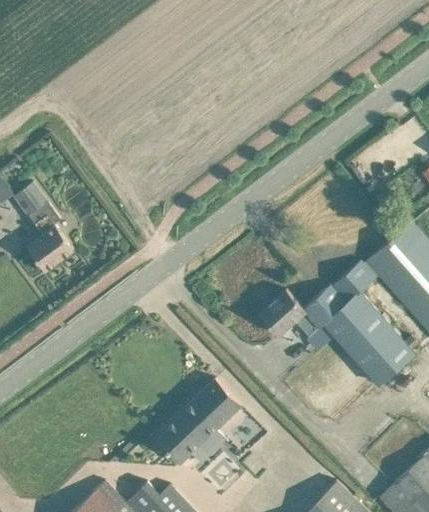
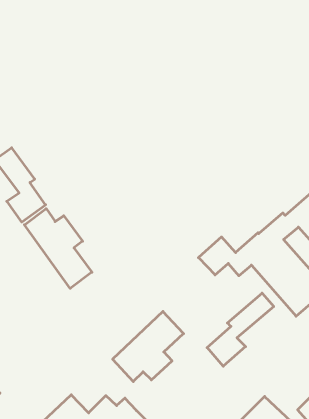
building: none -> [24,209,92,288]
building: none -> [207,293,274,366]

